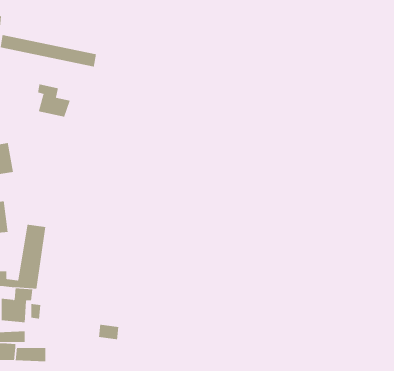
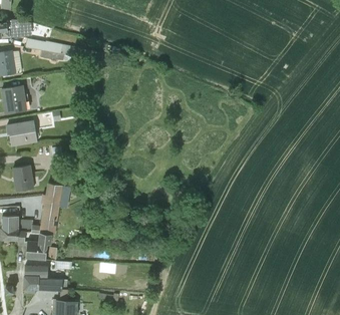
building: [37,83,70,117] -> none

